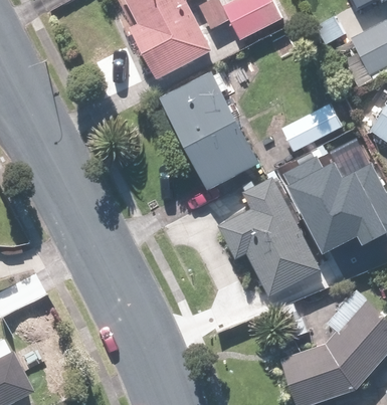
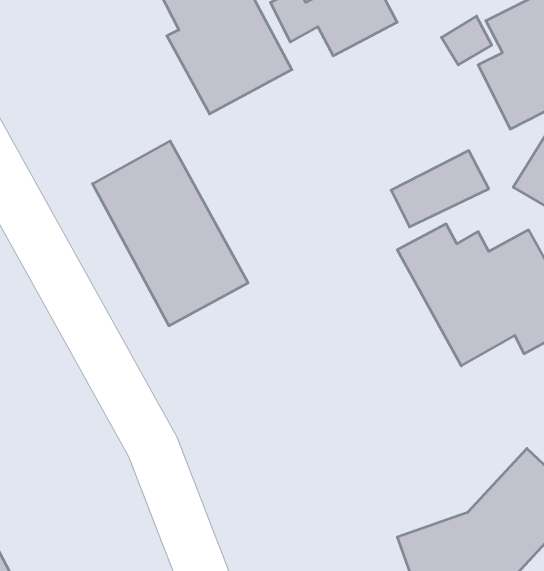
building: [158,69,260,191] -> [92,141,248,326]
building: [222,170,326,301] -> none

